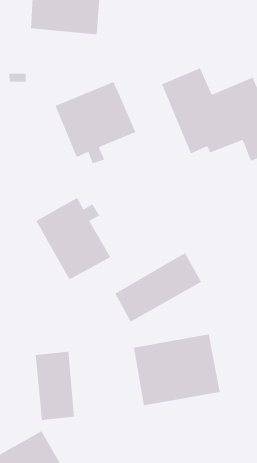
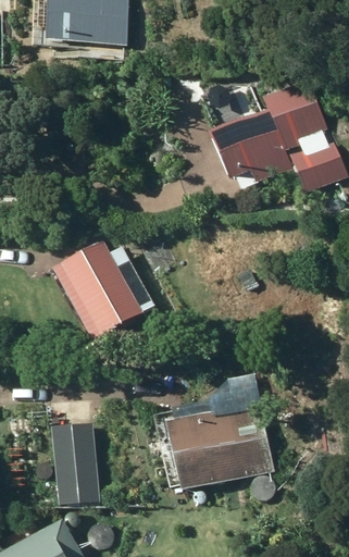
building: [55,81,136,164] -> none
building: [115,252,202,323] -> none

